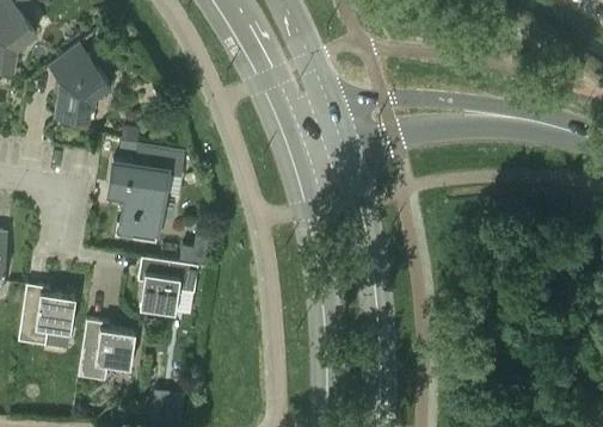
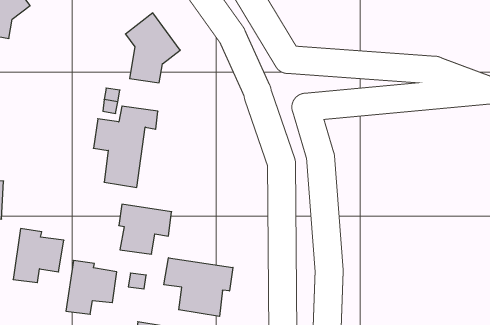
building: [49,45,111,124] -> [125,13,180,83]
building: none -> [164,258,233,316]

